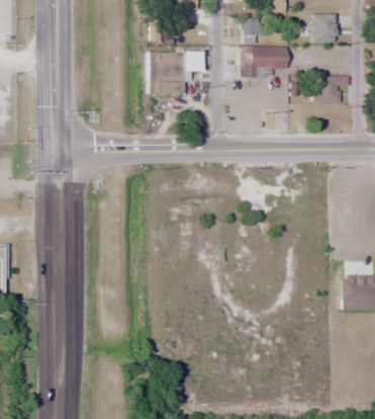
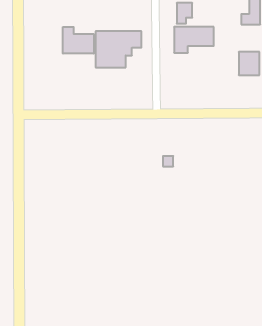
building: none -> [63,27,94,54]

